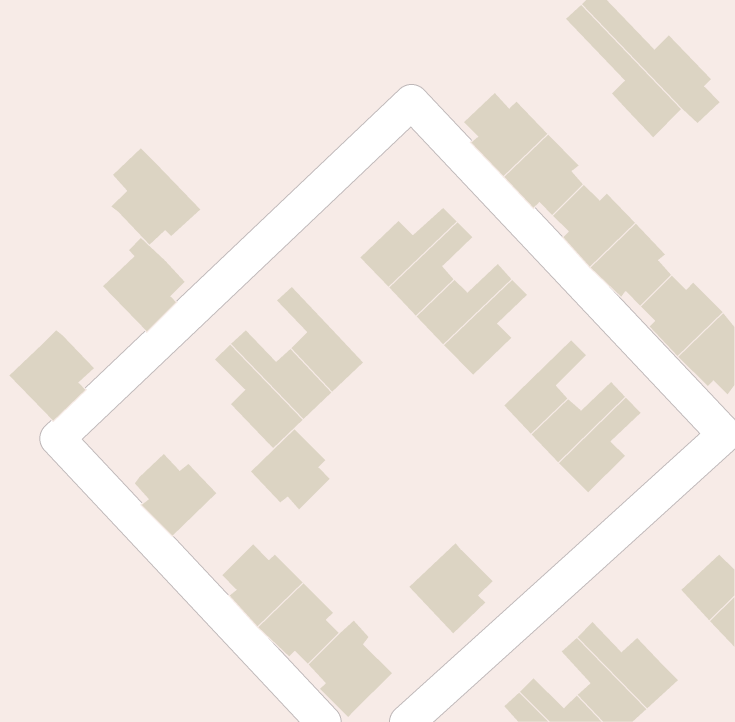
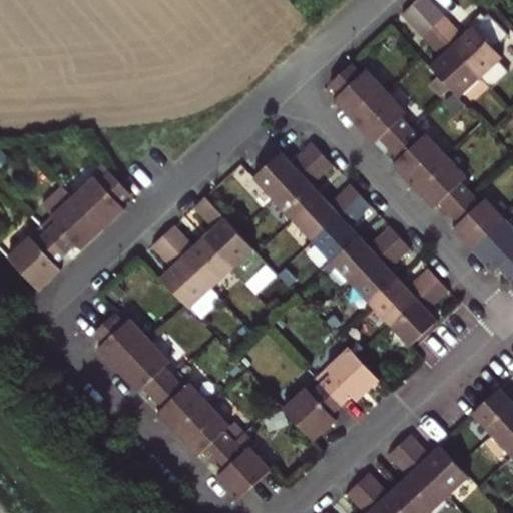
building: [111,148,201,245] -> [39,188,102,256]
building: none -> [330,225,398,283]
building: [250,428,331,510] -> [120,344,176,401]
building: none -> [322,347,381,405]

